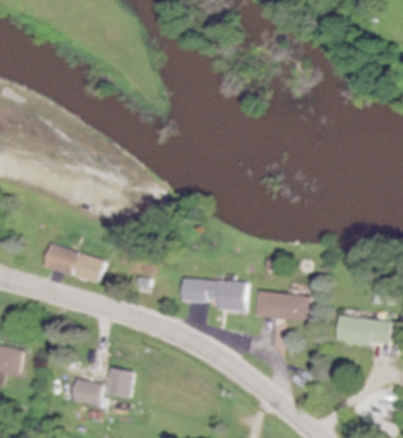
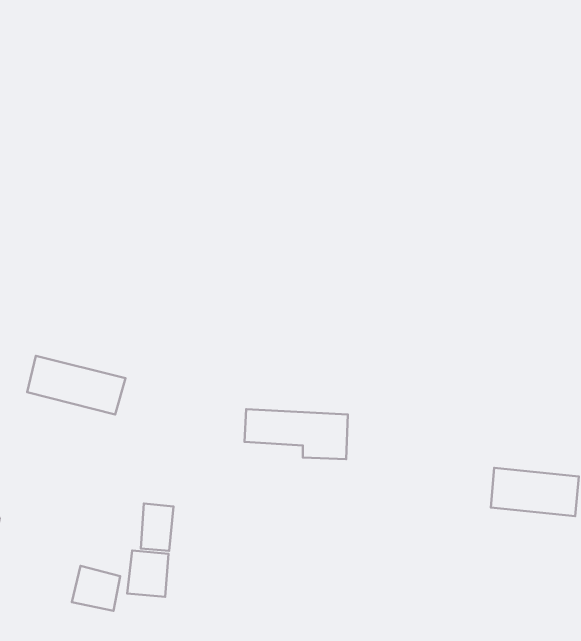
building: [256,289,312,322] -> none
building: none -> [141,504,174,551]

